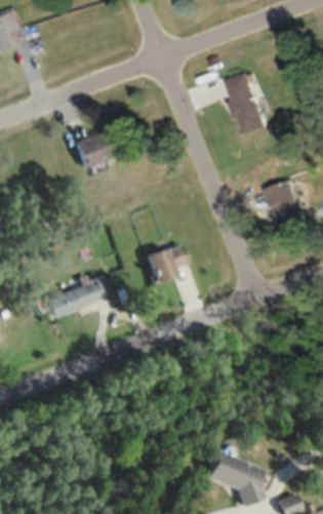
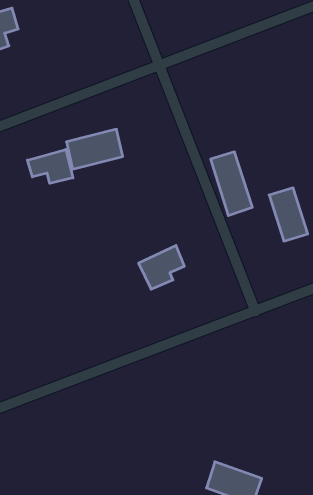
building: [230,74,271,136] -> [211,152,252,216]
building: none -> [27,149,73,183]
building: [42,278,106,319] -> none

